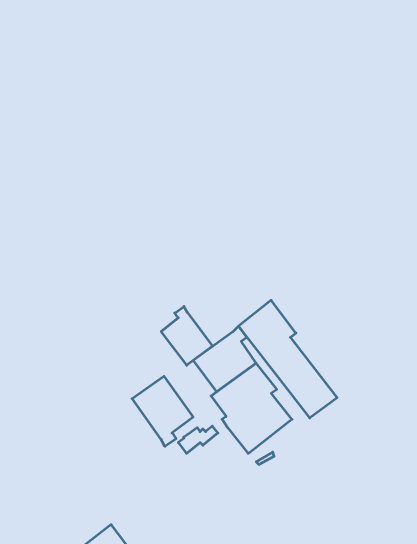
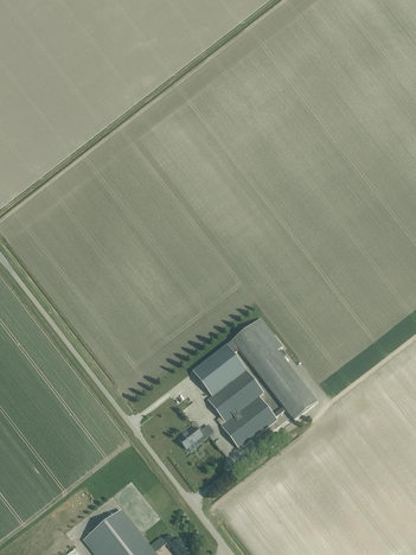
building: [161,306,213,365] -> none
building: [132,376,193,446] -> none

